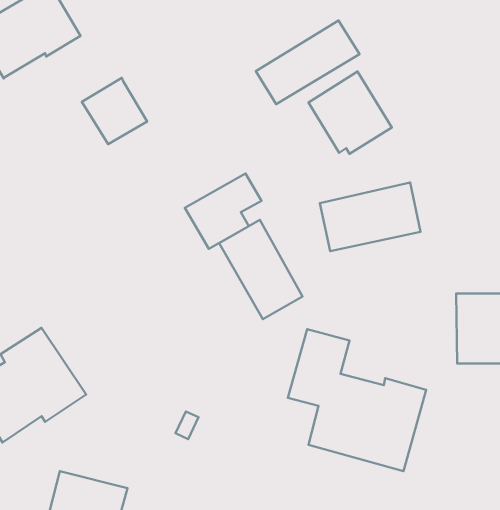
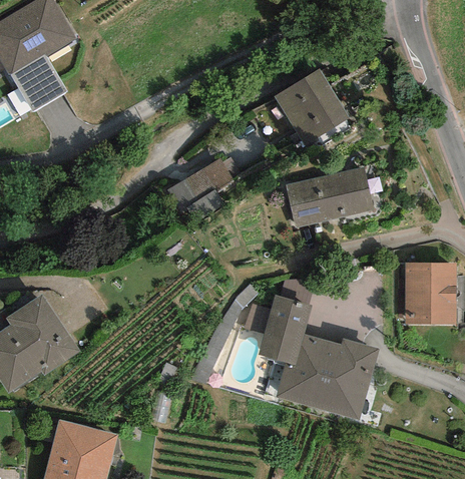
building: [256,20,359,104] -> none
building: [82,78,147,144] -> [9,53,66,111]
building: [219,220,302,319] -> none

